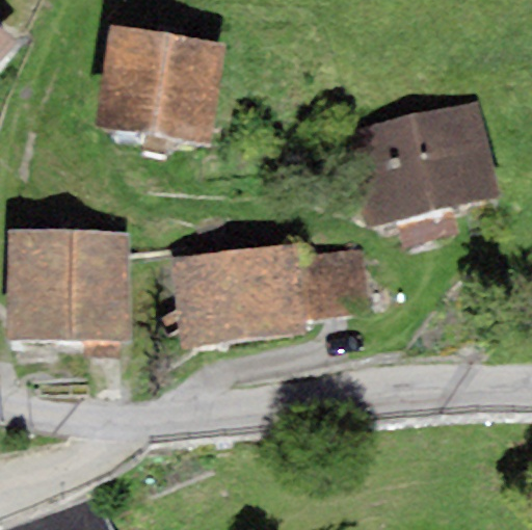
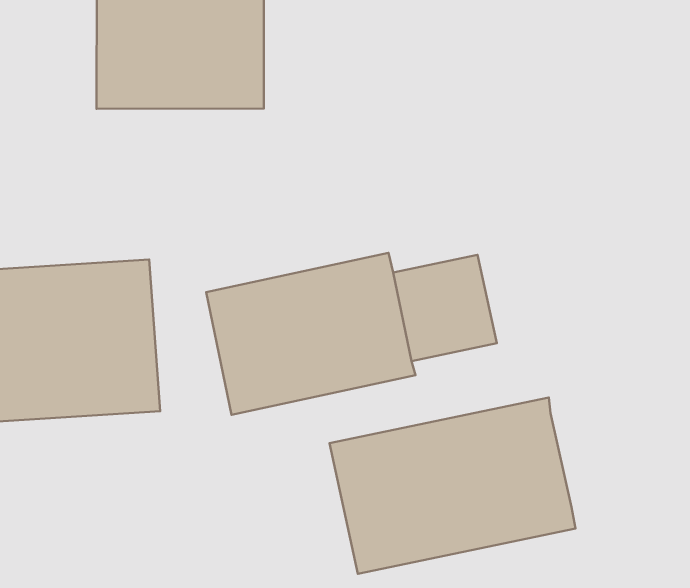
building: [344,102,500,231] -> none
building: none -> [329,397,575,574]

